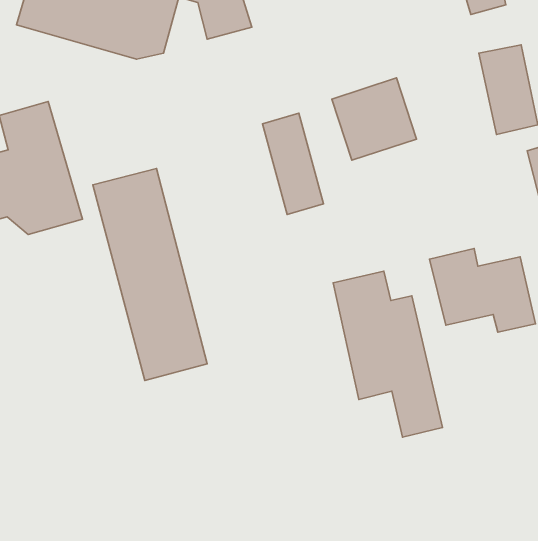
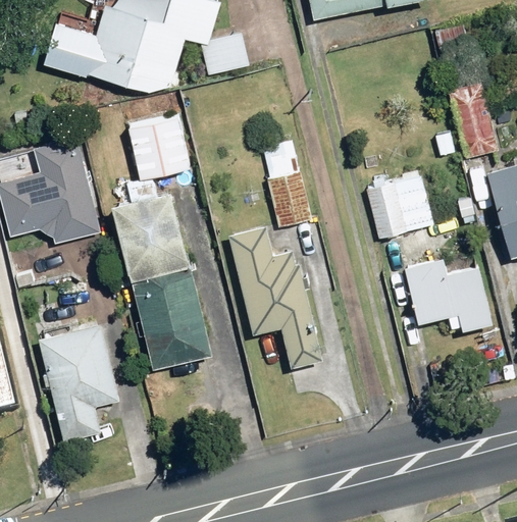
building: [332,78,417,160] -> [363,168,436,240]
building: none -> [128,112,190,178]
building: [333,271,443,437] -> [229,224,324,368]
building: none -> [39,323,118,442]

